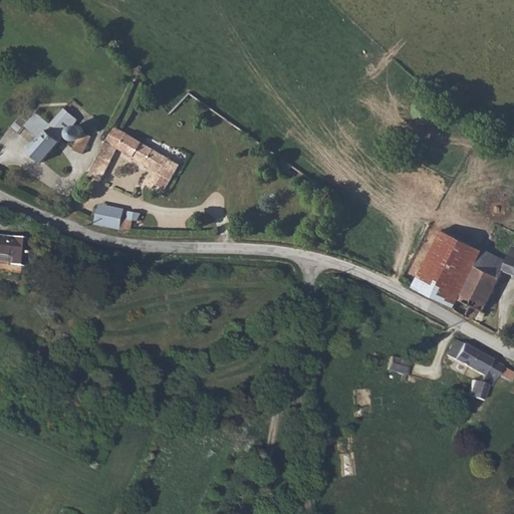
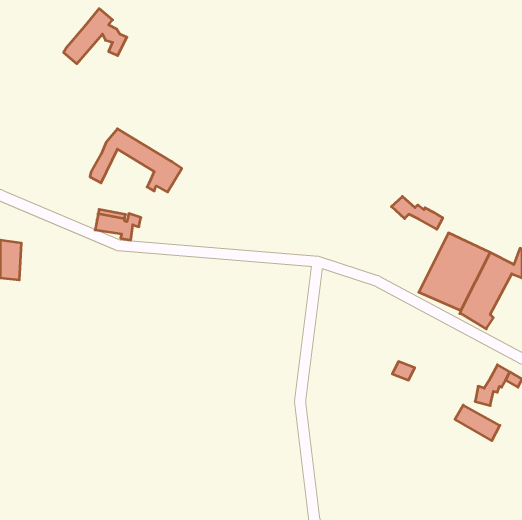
building: [28,106,90,161] -> [64,9,127,64]
building: none -> [391,196,443,229]
building: [445,338,489,373] -> [455,405,500,441]

